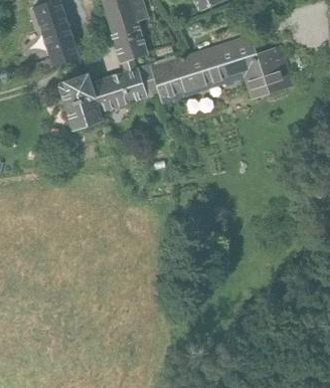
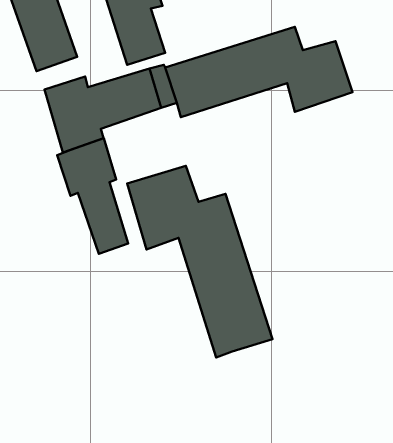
building: none -> [57,138,128,254]
building: none -> [127,166,273,357]

